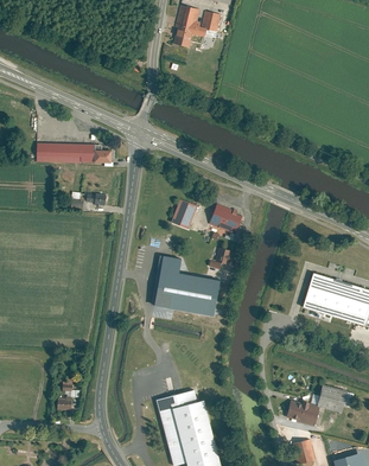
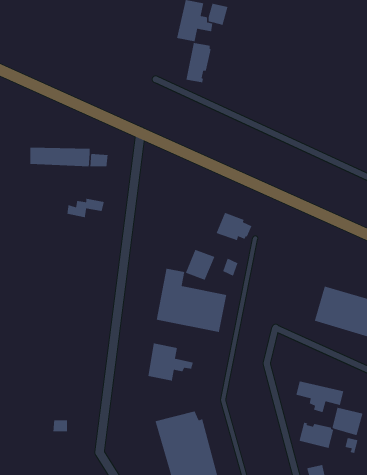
building: none -> [185,42,211,83]
building: [170,199,198,229] -> [185,249,215,281]
building: none -> [148,343,194,381]
building: none -> [296,380,344,413]

